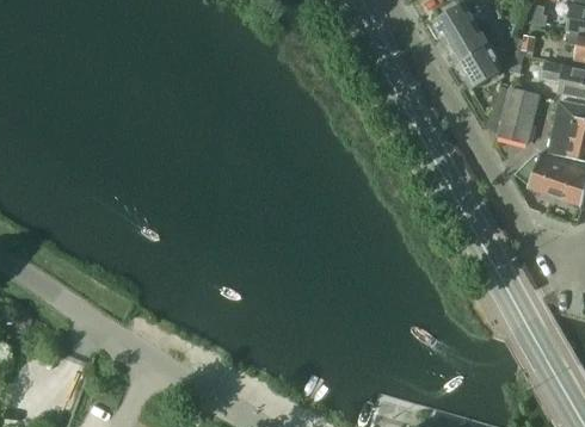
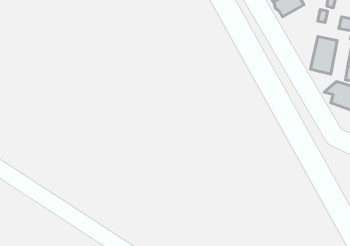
building: [457,43,501,86] -> none

